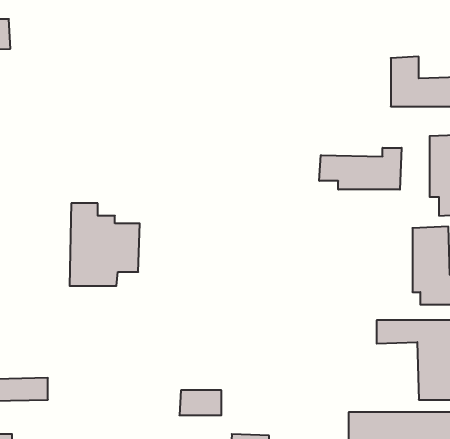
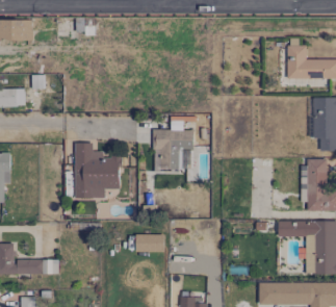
building: [319,148,402,190] -> none
building: none -> [152,129,193,169]
building: [179,390,221,415] -> [135,234,163,251]

